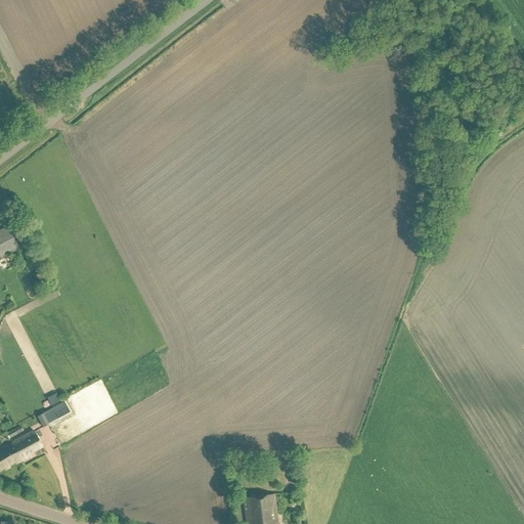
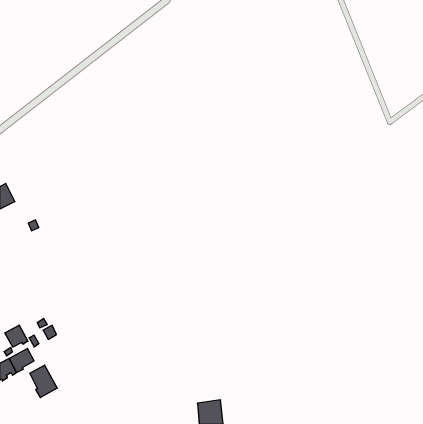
building: none -> [5,325,28,347]
building: none -> [30,365,57,398]

